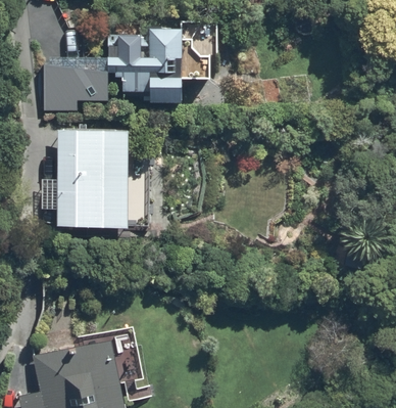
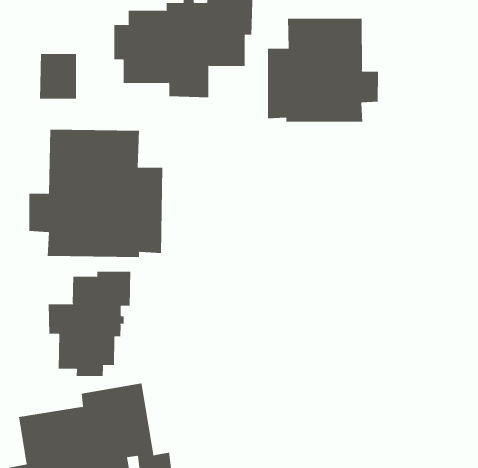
building: none -> [267,18,379,123]
building: none -> [48,271,131,377]

